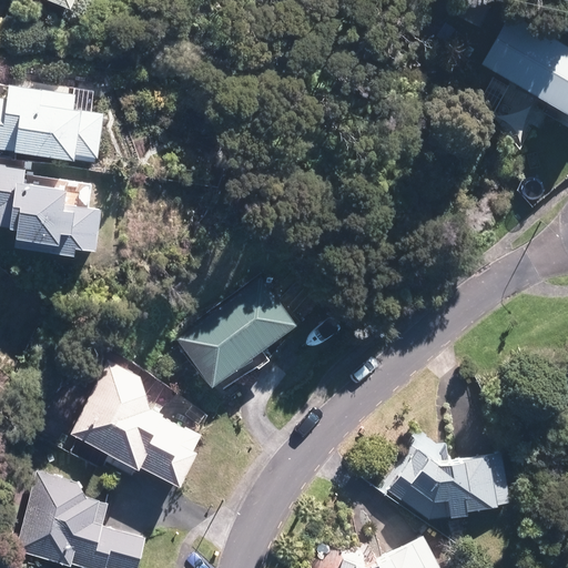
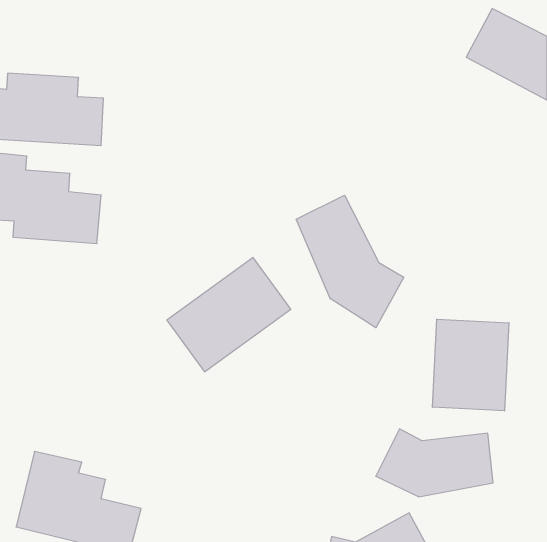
building: none -> [296,195,404,328]
building: none -> [432,319,509,411]
building: [69,357,206,487] -> none

